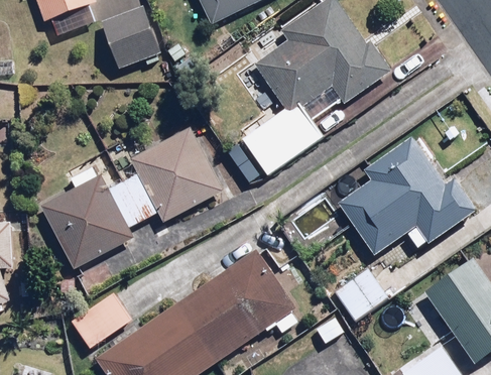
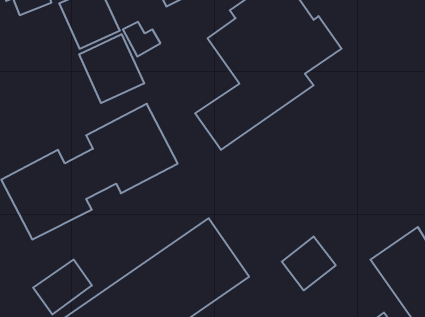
building: none -> [79,34,144,103]
building: [336,134,477,256] -> none

